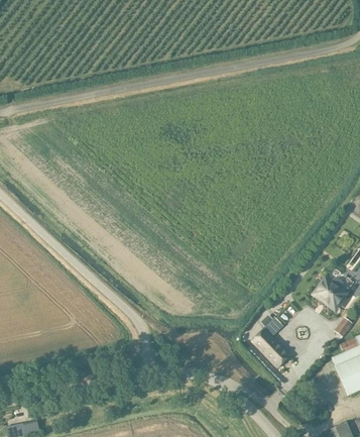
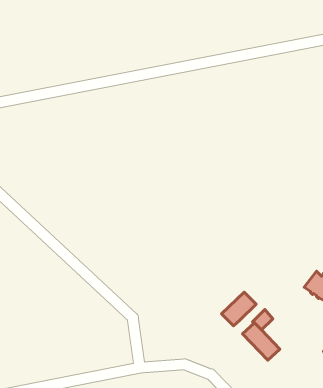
building: none -> [221,292,256,326]

